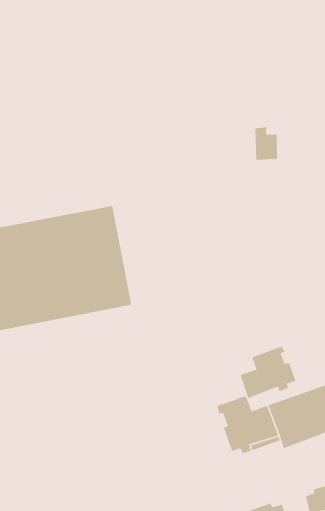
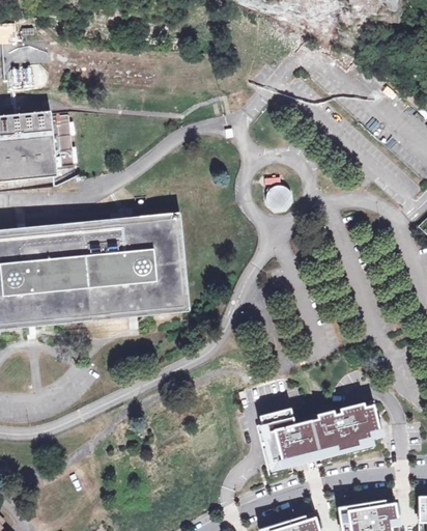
building: [254,126,278,161] -> [264,179,288,213]
building: [240,345,296,399] -> none

